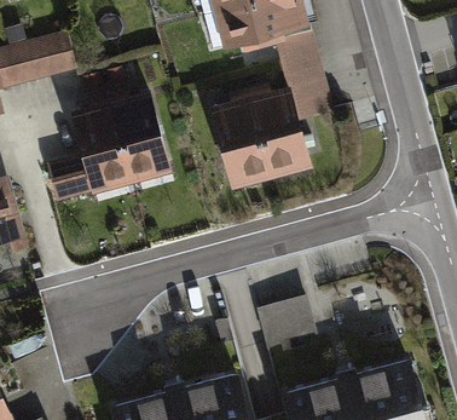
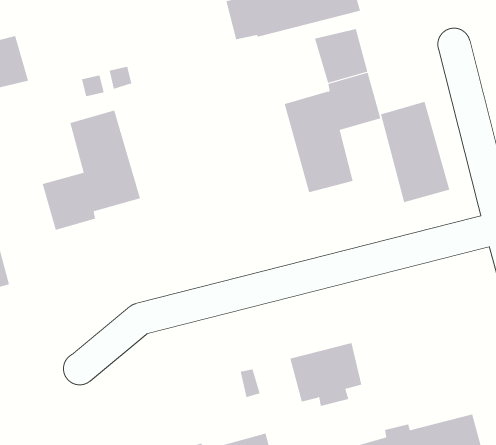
building: [29,33,75,80] -> none
building: [111,93,170,178] -> none
building: [214,99,272,184] -> [380,101,450,203]

